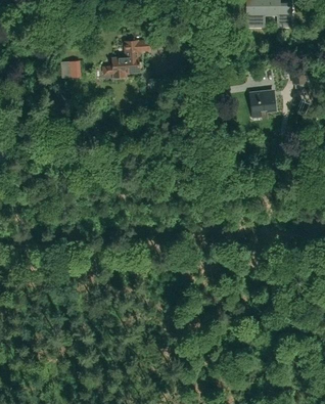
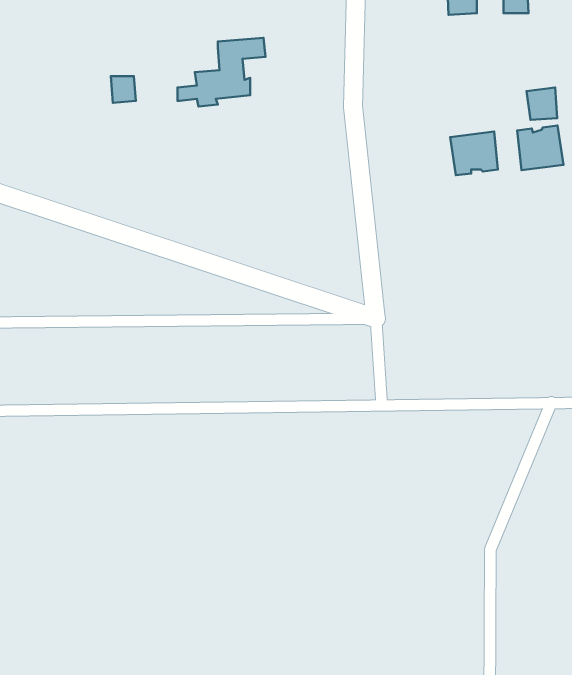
building: none -> [517,126,564,170]

